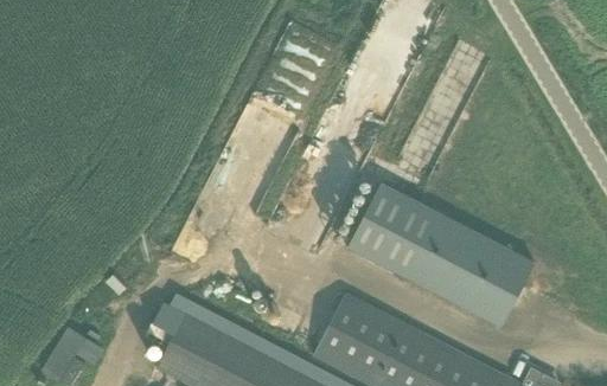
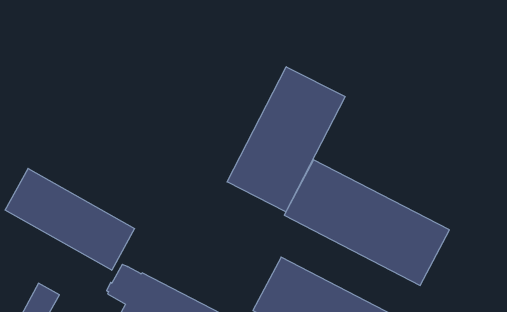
building: none -> [227,67,345,212]
building: none -> [5,168,135,270]

